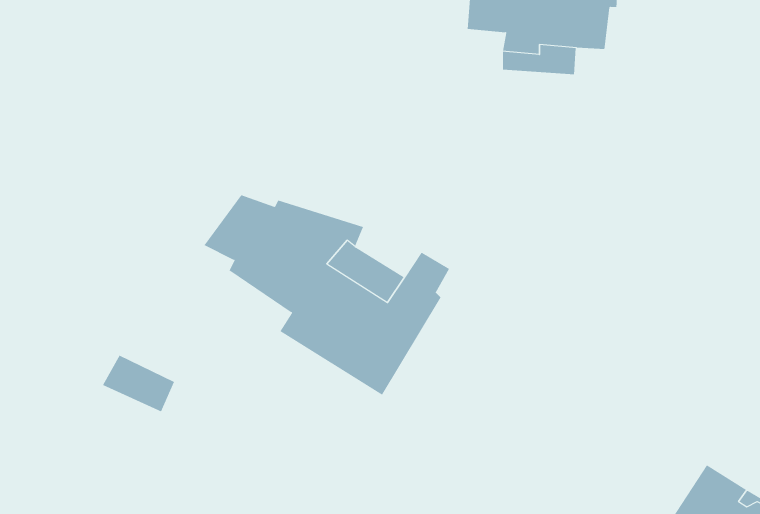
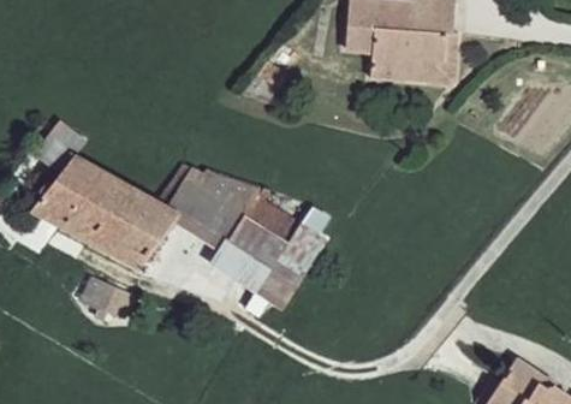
building: none -> [32,121,179,268]

